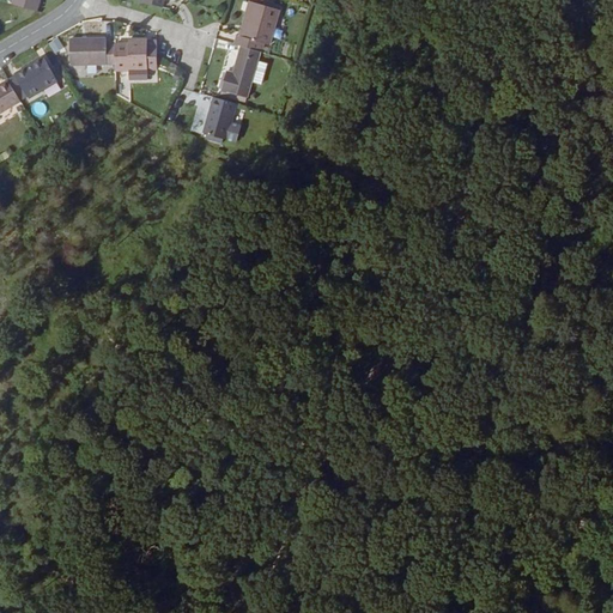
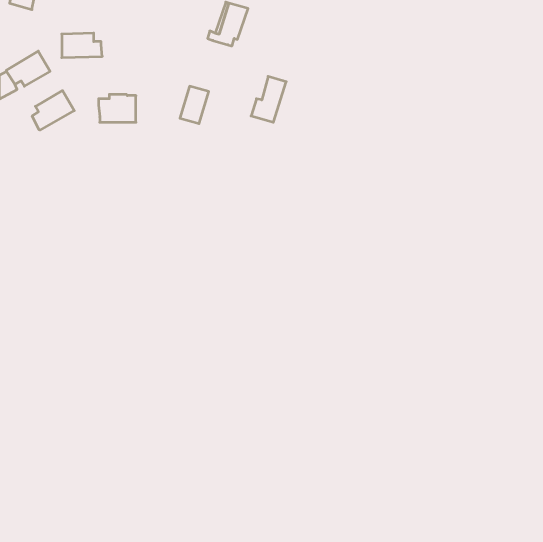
building: [114,38,156,69] -> [99,94,136,122]
building: [220,45,260,97] -> [251,76,286,122]
building: none -> [32,91,74,130]

